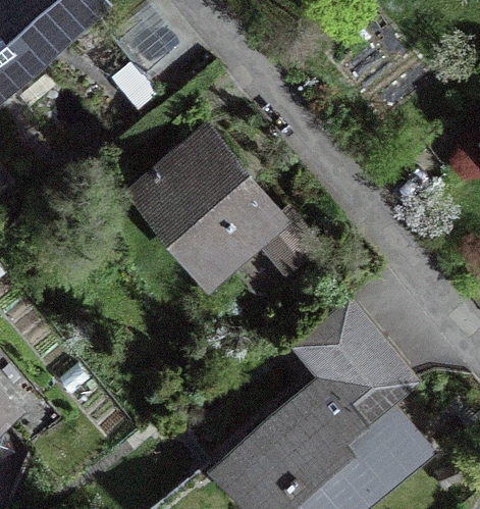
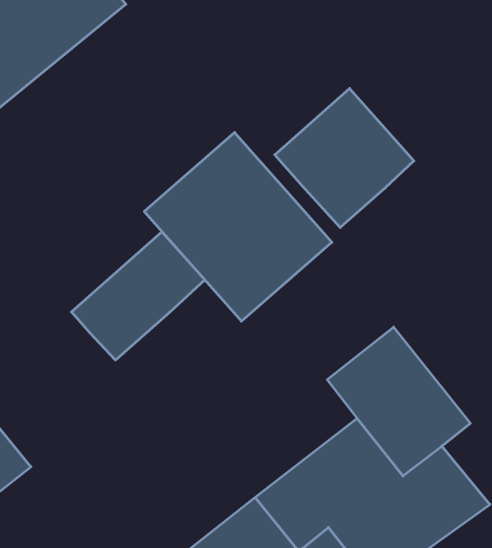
building: none -> [275,88,414,228]
building: none -> [71,232,205,360]

